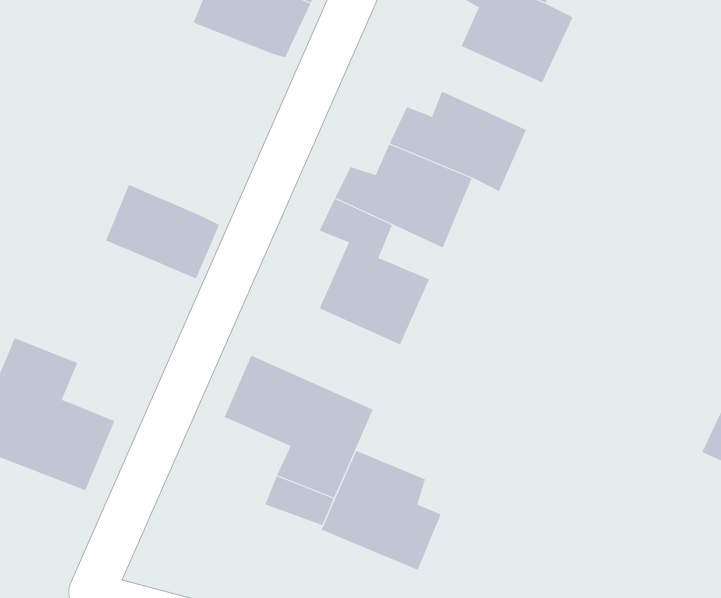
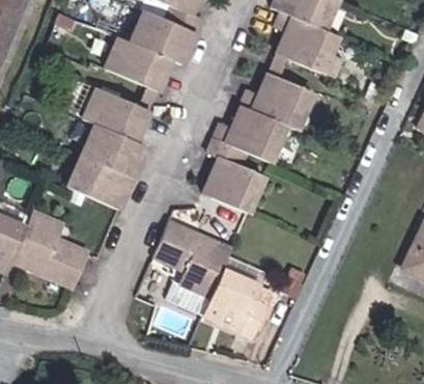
building: none -> [108,34,176,89]
building: none -> [86,93,150,143]
building: none -> [77,157,136,209]

